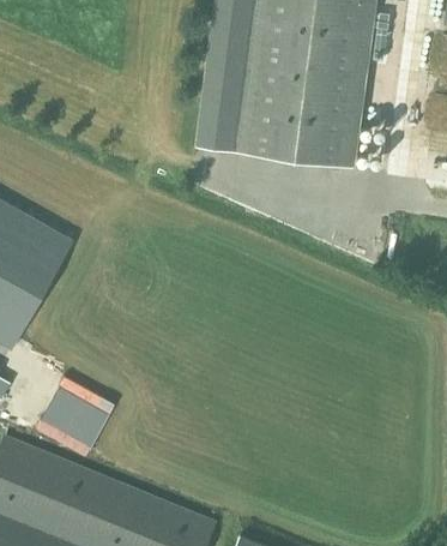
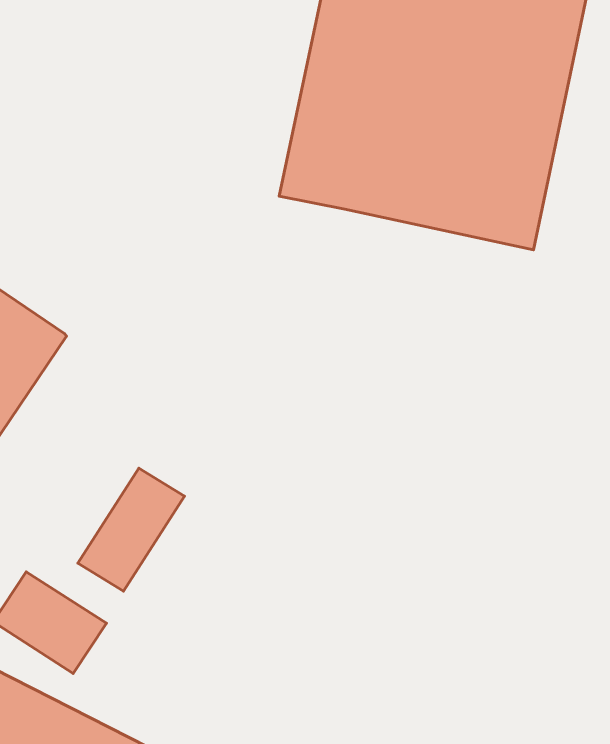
building: none -> [78,468,185,591]

